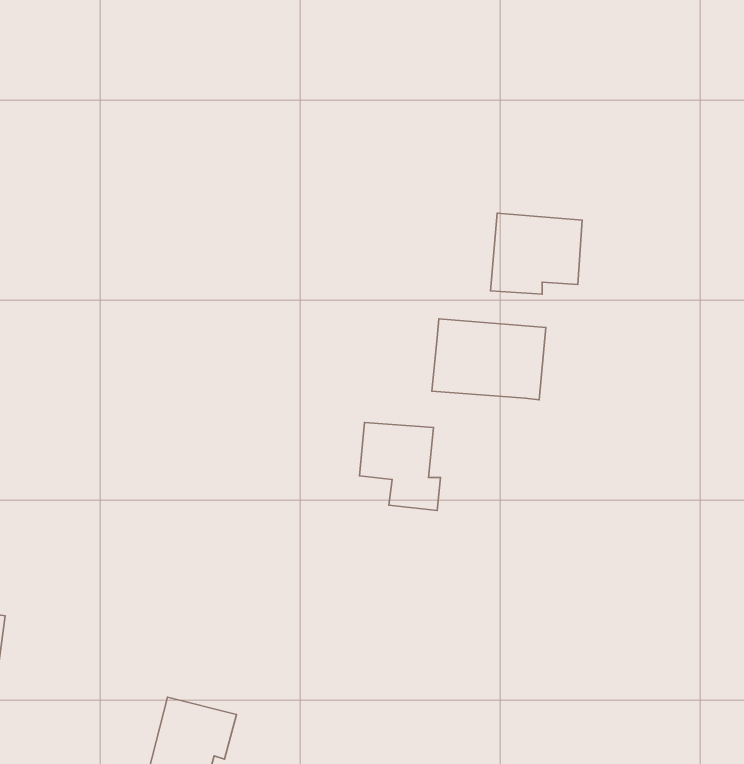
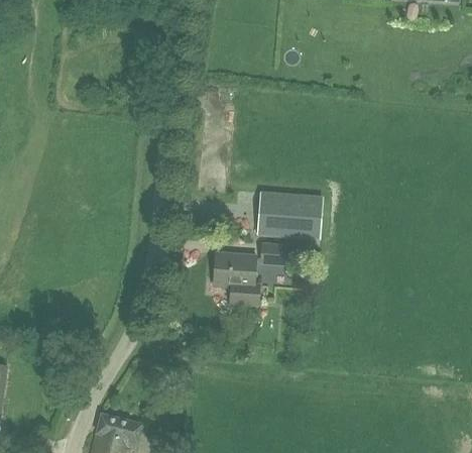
building: [490,213,582,294] -> none
building: none -> [259,243,294,265]

